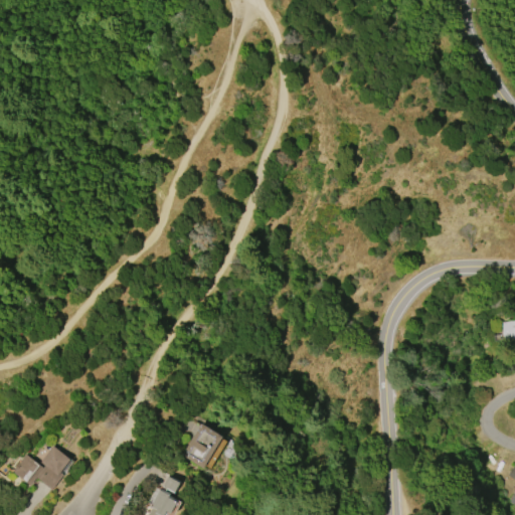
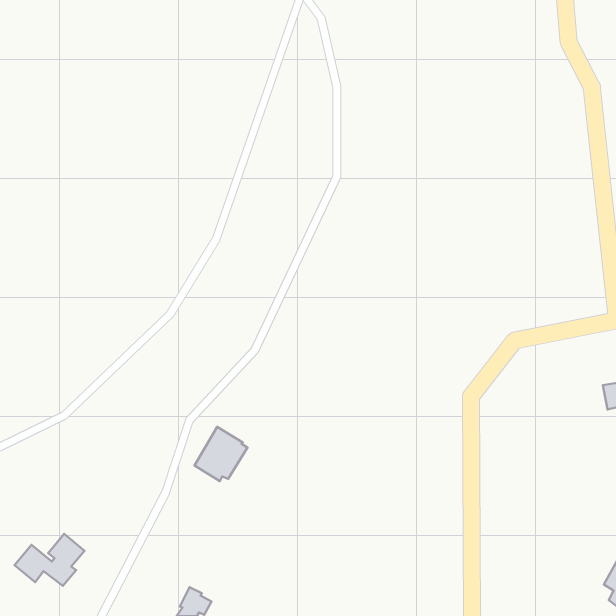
building: [182,422,226,468] -> [194,427,248,481]

